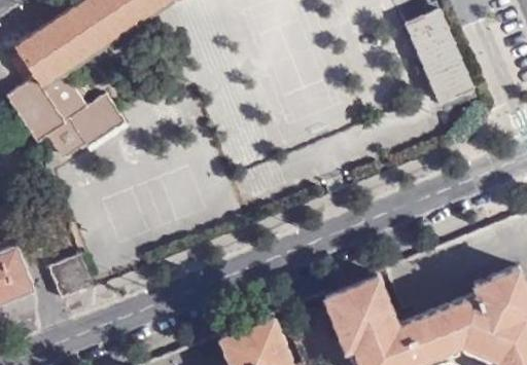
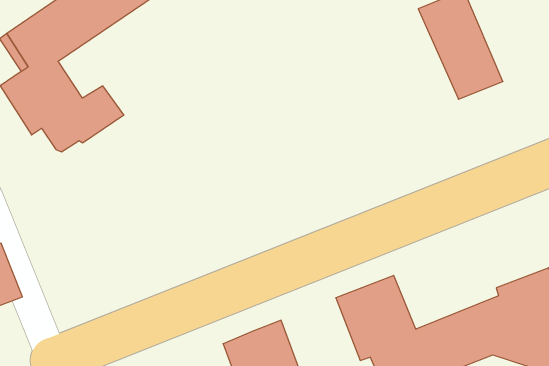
building: [50,258,95,302] -> none

